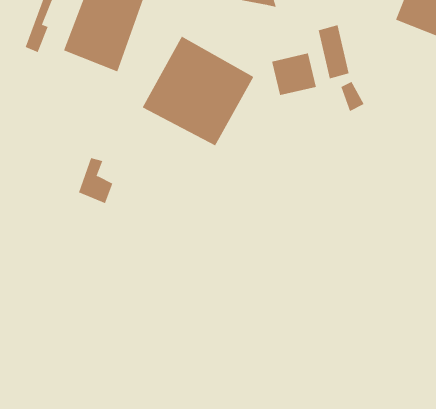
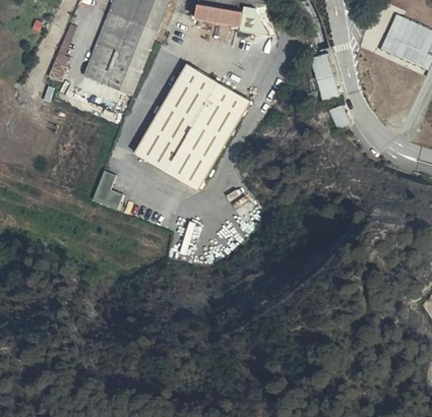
building: [271,53,316,96] -> none
building: none -> [137,128,218,189]

